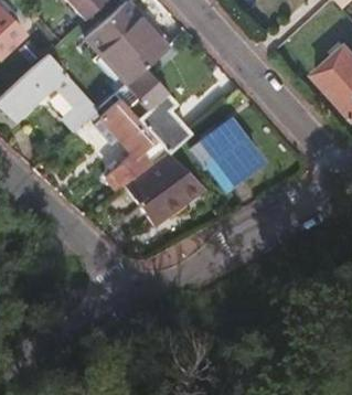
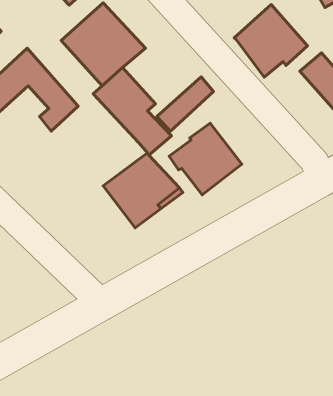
building: none -> [234,5,308,77]
building: [100,105,166,188] -> none

